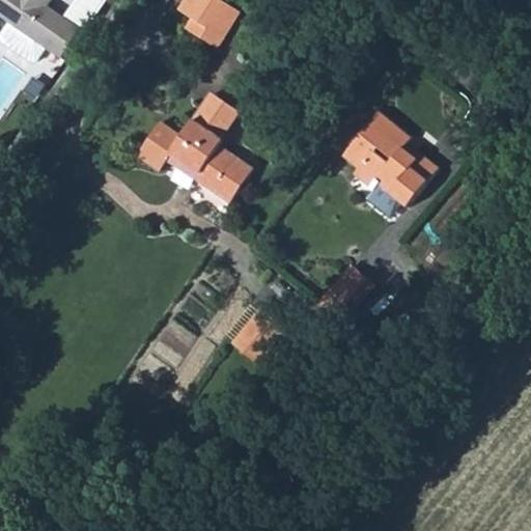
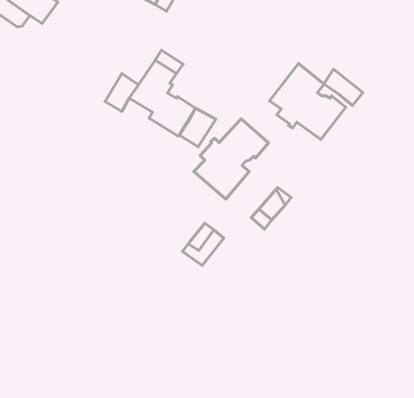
building: none -> [324,69,363,106]
building: none -> [179,108,216,147]
building: none -> [194,119,269,199]

